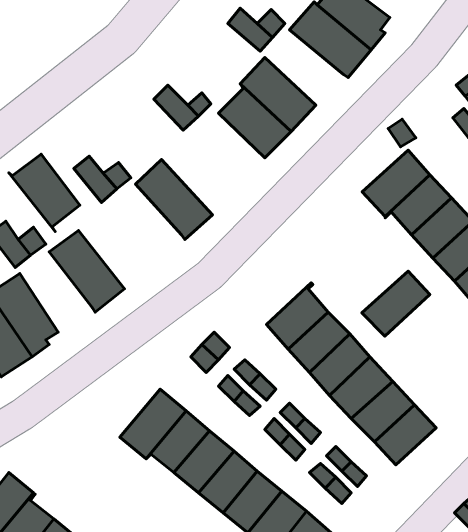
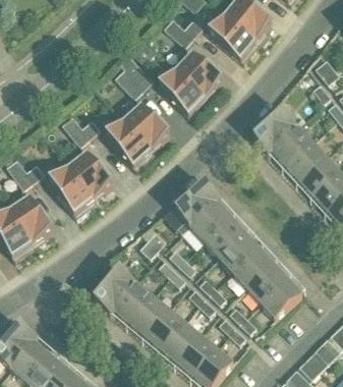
building: none -> [121,101,170,153]
building: [9,154,80,231] -> [66,151,113,202]
building: [362,271,430,336] -> [175,182,220,225]

